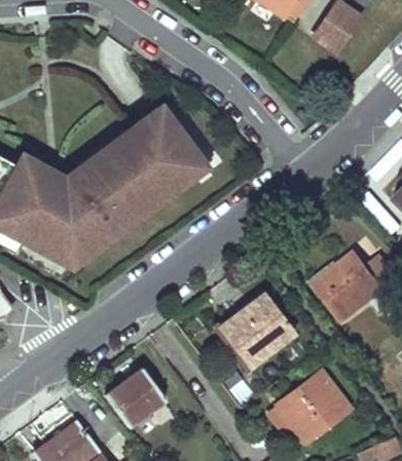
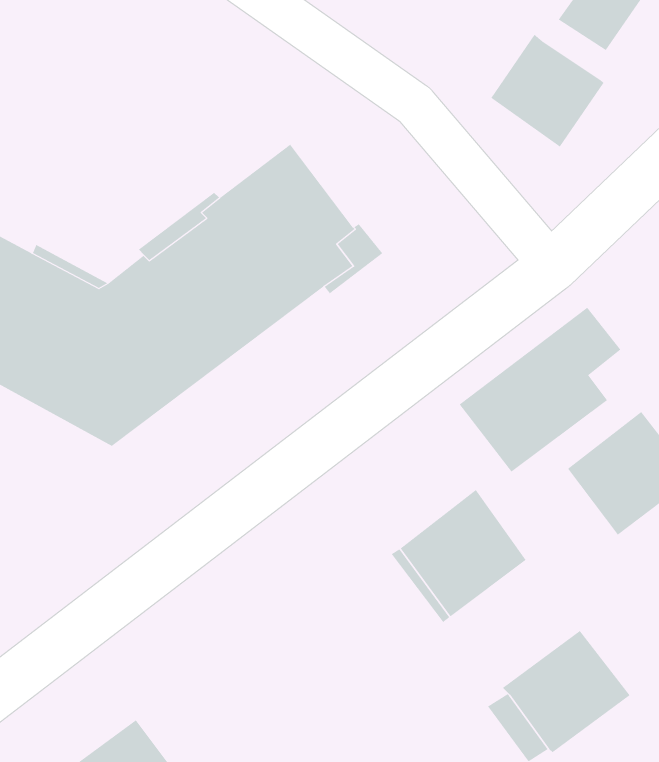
building: none -> [490,34,604,147]
building: none -> [459,307,621,472]
building: [107,369,165,425] -> none

